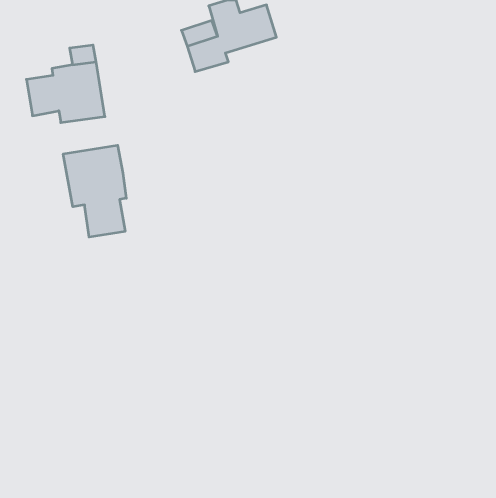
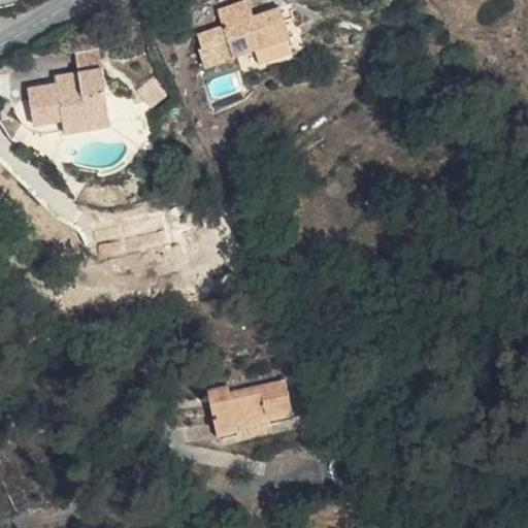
building: [63,145,126,237] -> none
building: none -> [207,380,292,436]

